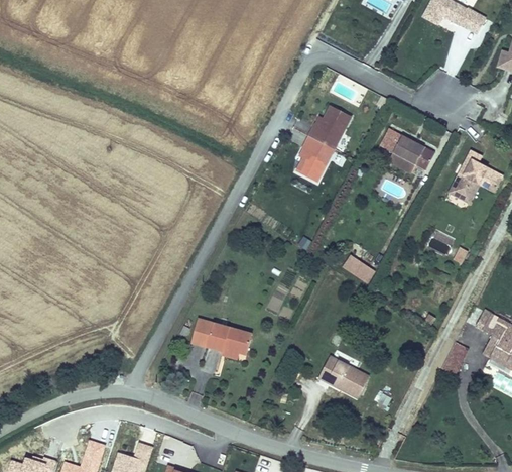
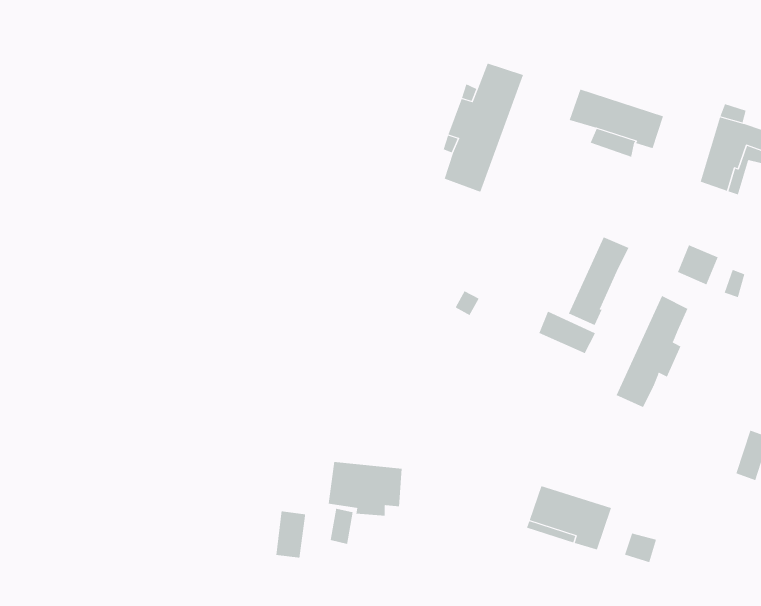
building: none -> [568,236,629,326]
building: none -> [616,295,688,408]
building: [191,318,213,347] -> [275,511,306,558]

